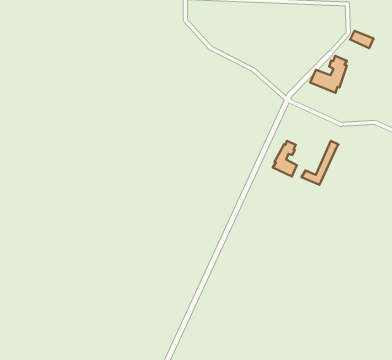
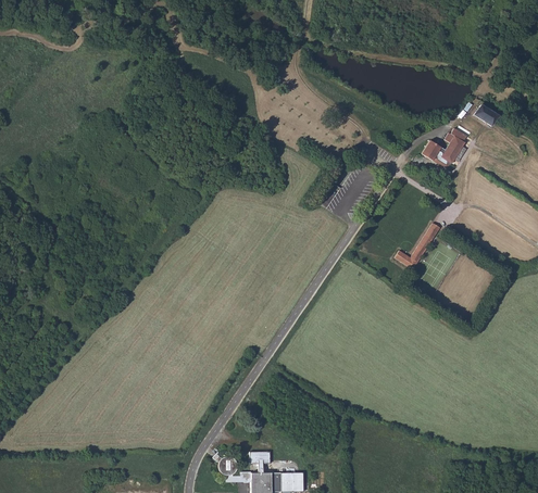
building: [273,141,297,176] -> none

